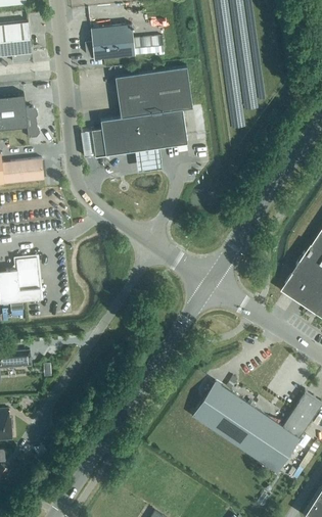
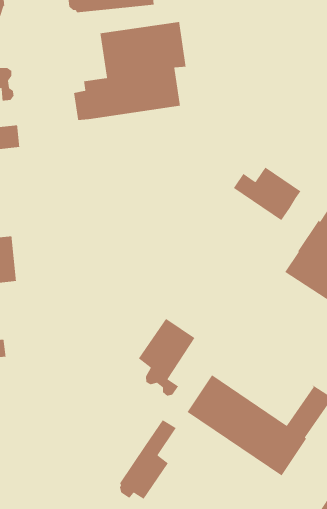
building: none -> [233,166,302,221]
building: none -> [138,318,196,396]
building: none -> [119,419,177,500]

